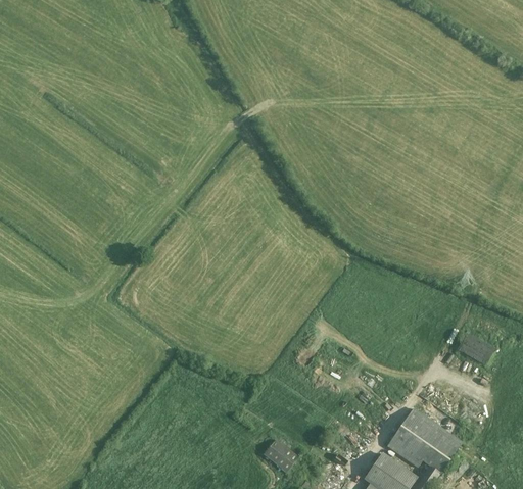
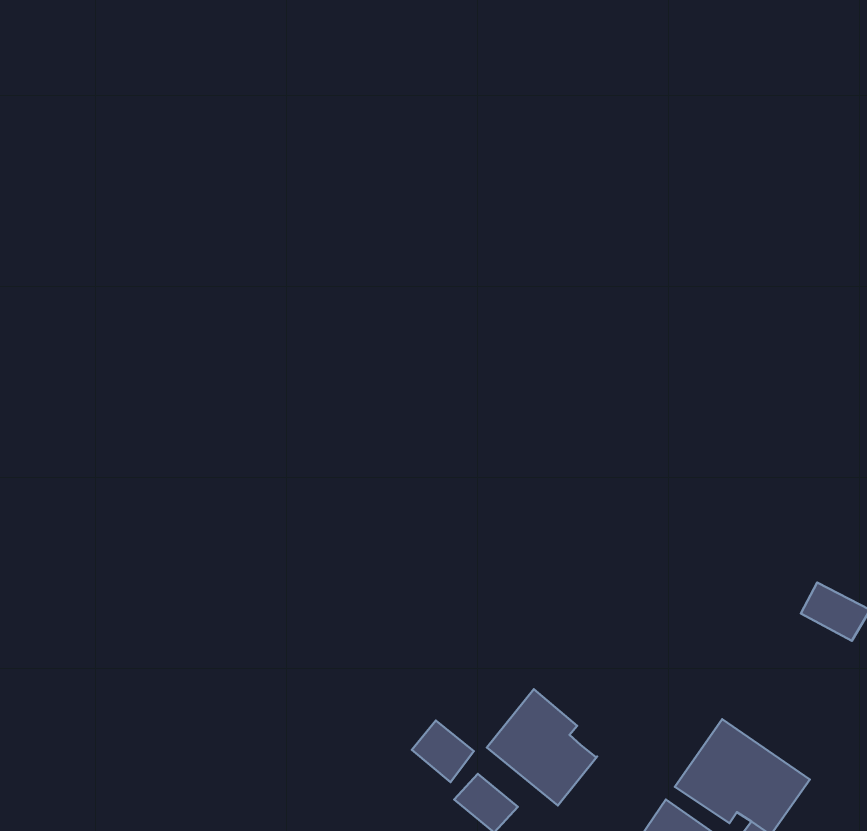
building: none -> [487,689,597,806]
building: none -> [412,721,474,782]

